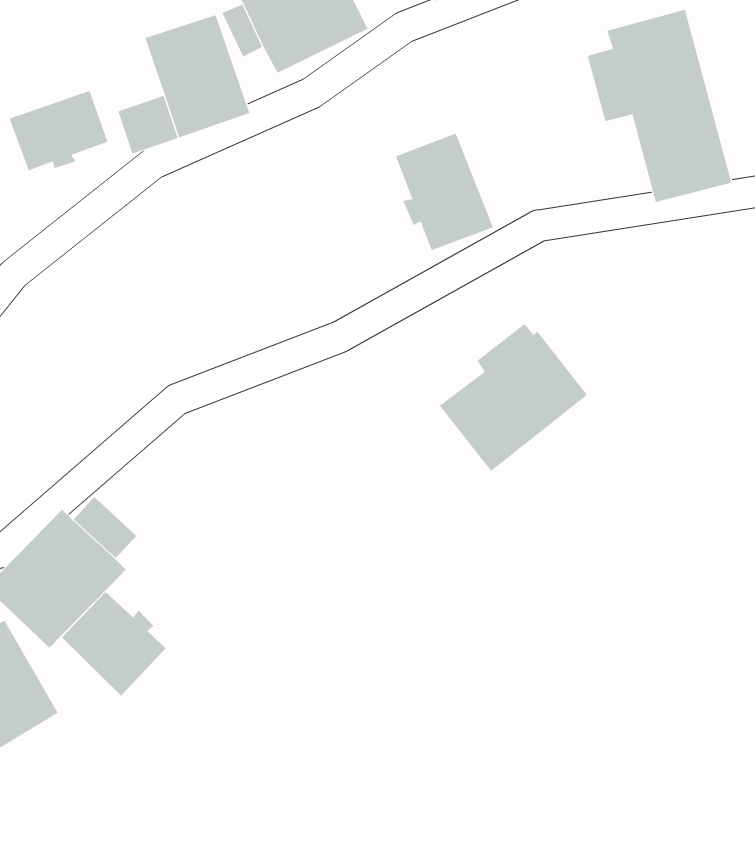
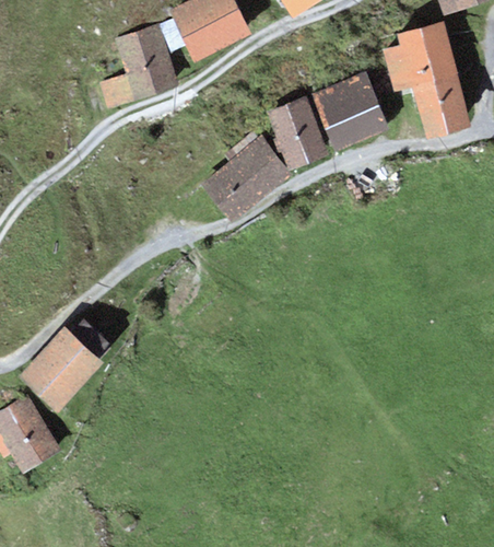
building: [9,90,108,171] -> none
building: none -> [311,71,389,150]
building: [439,323,588,472] -> [199,131,290,222]
building: [61,591,167,696] -> none

